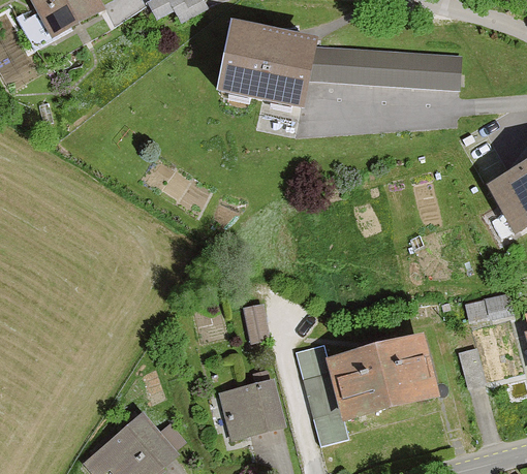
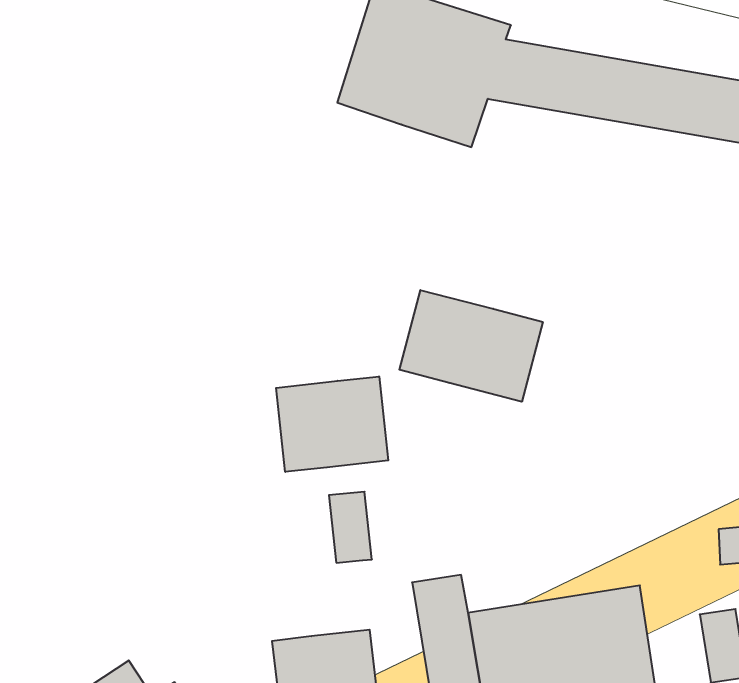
building: none -> [399,290,543,402]
building: none -> [276,376,388,472]

